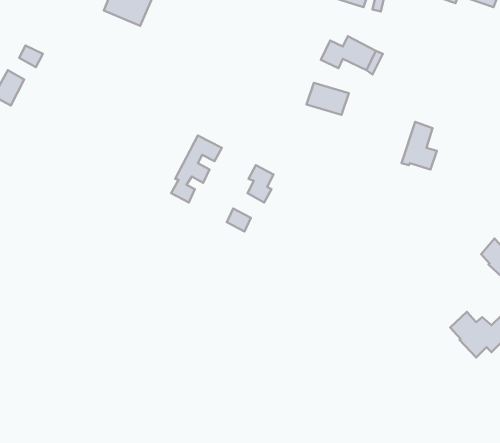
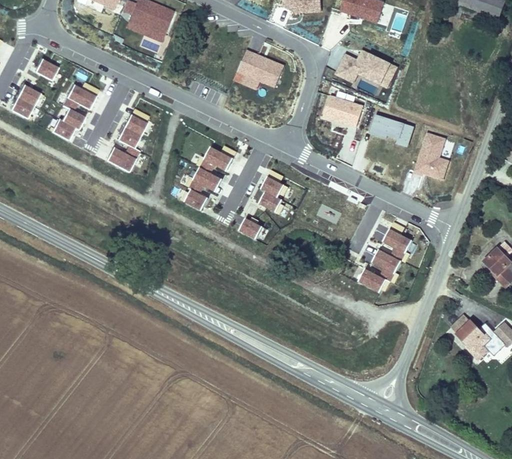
building: none -> [228,49,279,88]
building: none -> [57,83,101,138]
building: none -> [109,113,150,170]
building: none -> [365,115,407,146]
building: none -> [360,229,414,292]

